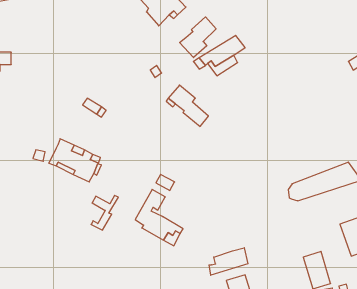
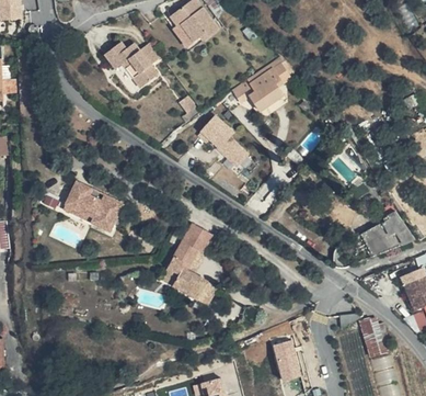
building: [180,17,216,58] -> none
building: none -> [105,39,163,87]
building: [91,195,118,230] -> [182,231,214,272]
building: [209,248,248,275] -> none

